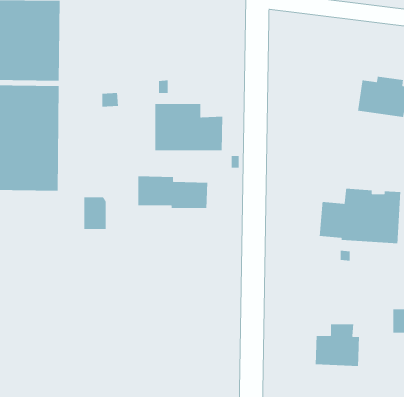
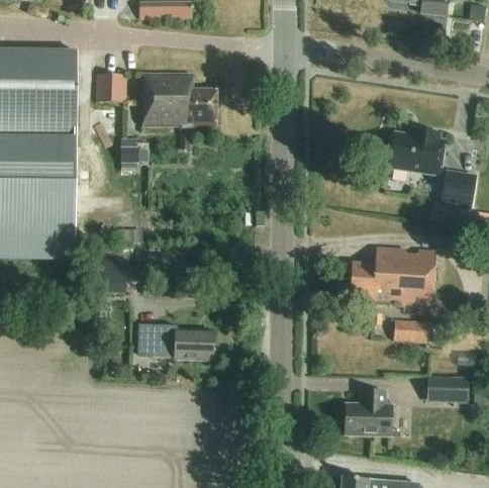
building: none -> [95,74,126,102]
building: [154,103,223,151] -> [143,75,216,125]
building: [137,175,208,209] -> [139,324,214,360]
building: none -> [393,320,431,345]

